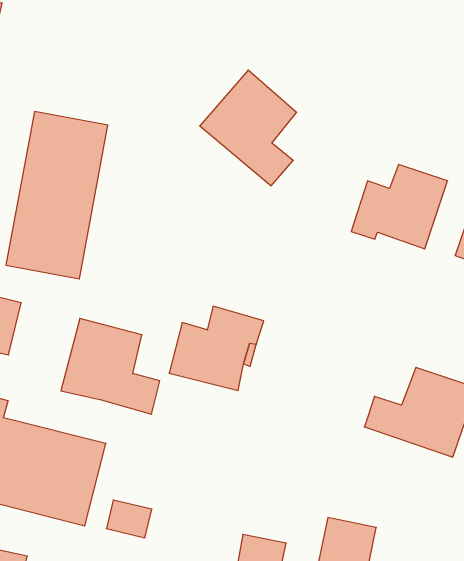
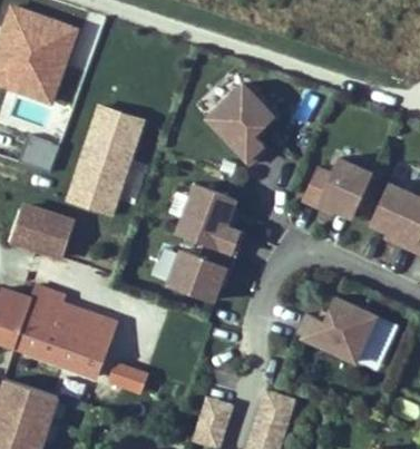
building: [61,318,160,414] -> [176,185,244,255]

